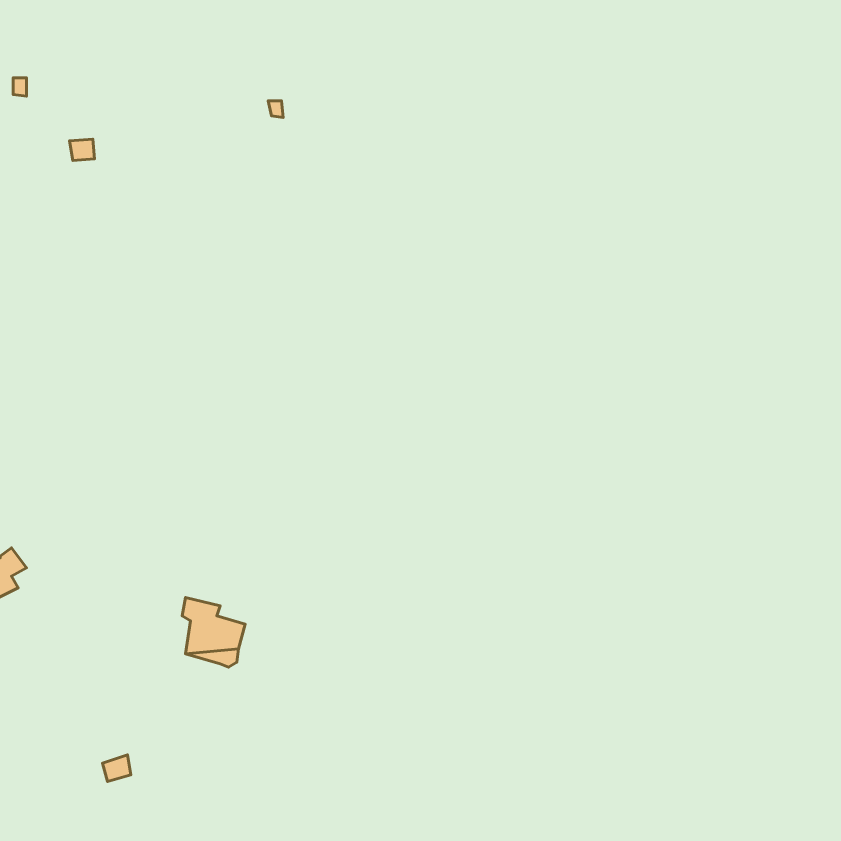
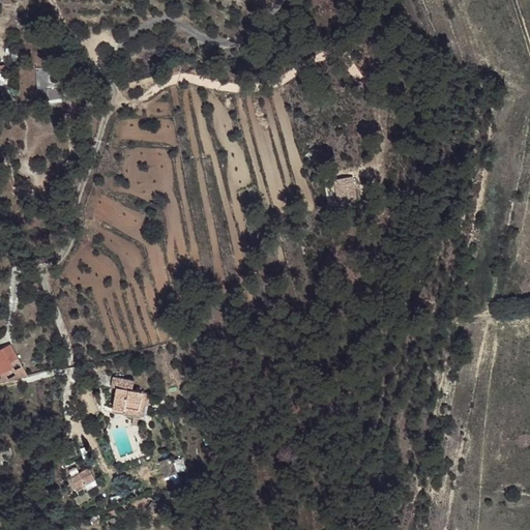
building: none -> [331,177,352,201]

